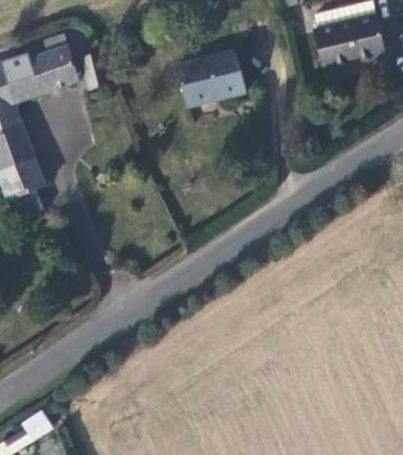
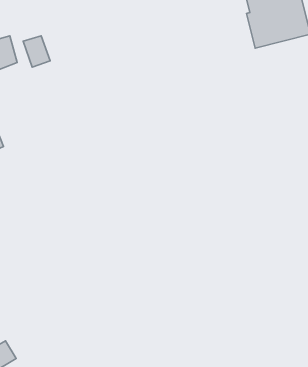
building: [179,52,249,106] -> none

